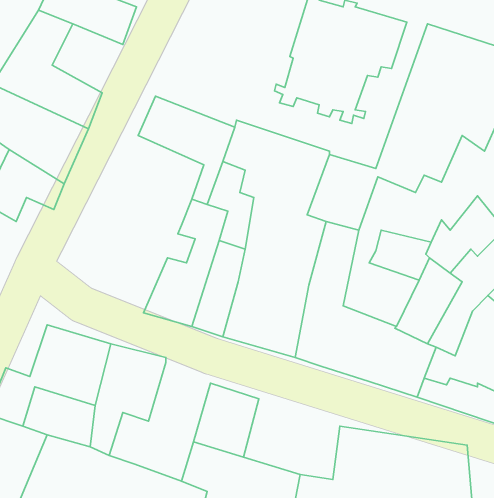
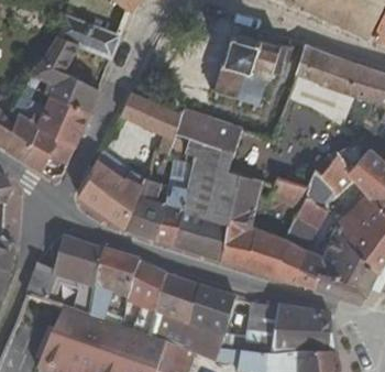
building: none -> [77,152,156,230]
building: none -> [128,262,168,313]
building: none -> [189,285,234,333]

